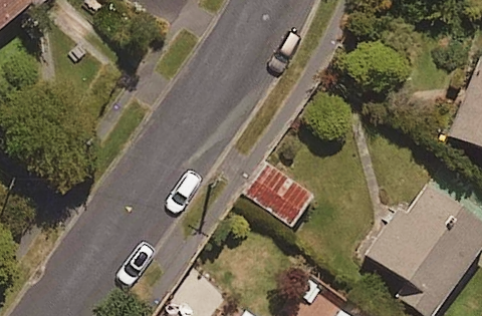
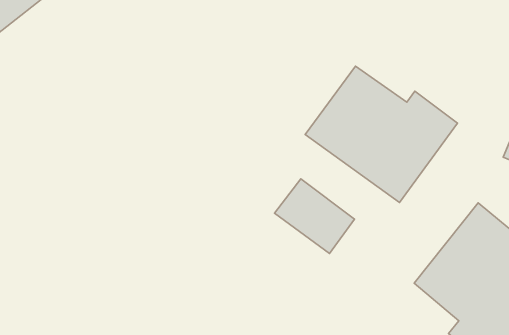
building: none -> [305,66,458,202]

